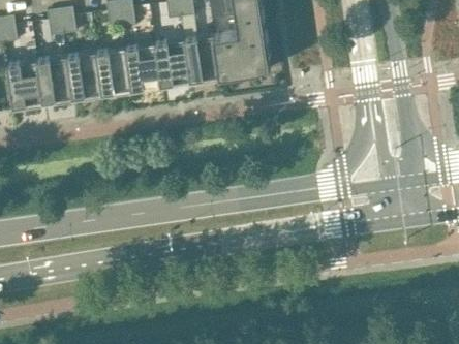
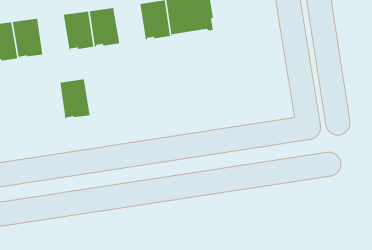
building: [154,39,190,86] -> none
building: [66,52,102,99] -> [59,78,91,119]

